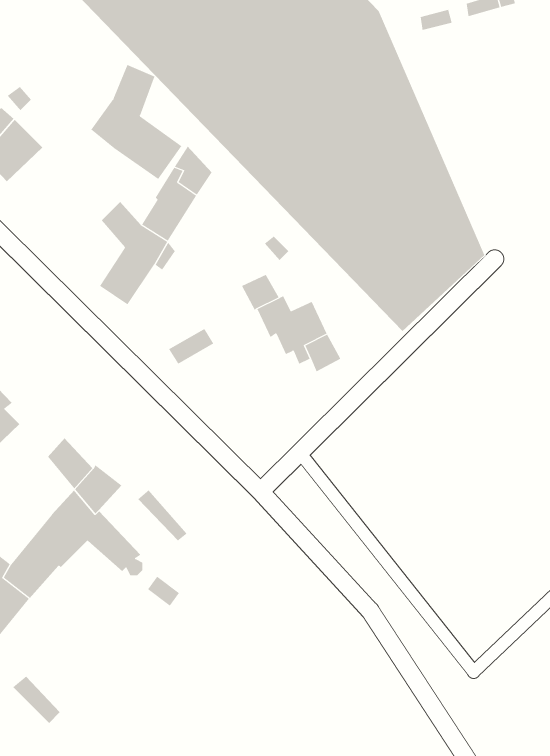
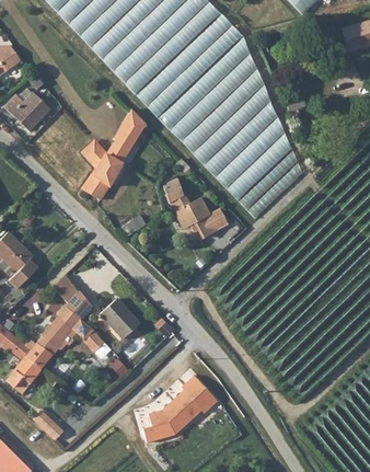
building: [90,64,182,180] -> none
building: none -> [109,296,142,331]
building: none -> [143,373,218,442]

